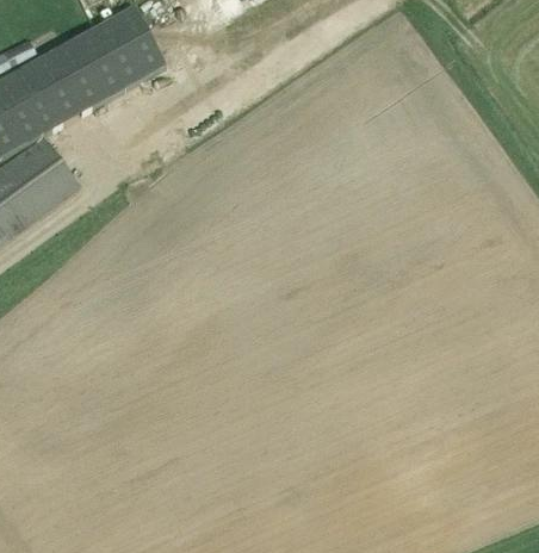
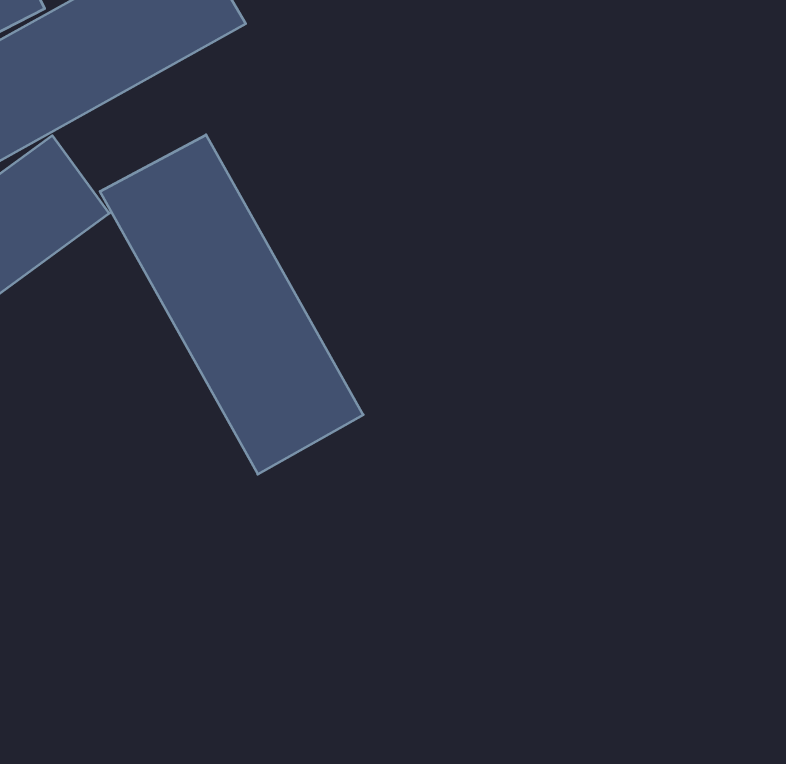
building: none -> [100,135,363,474]

